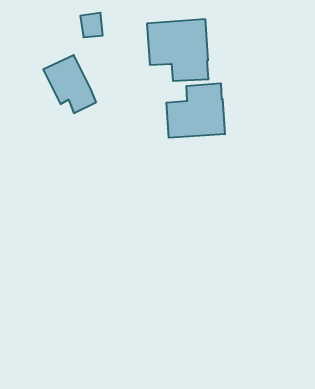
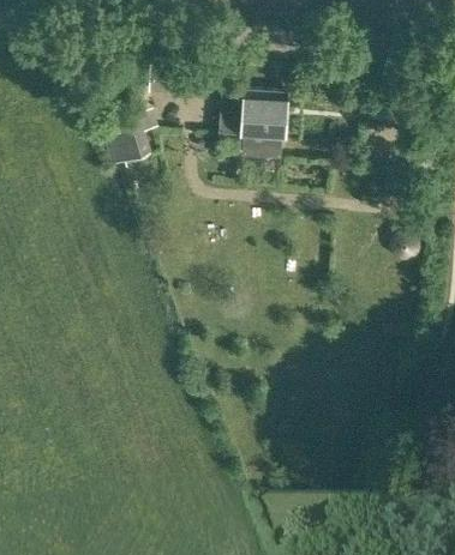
building: [166,83,225,138] -> none

